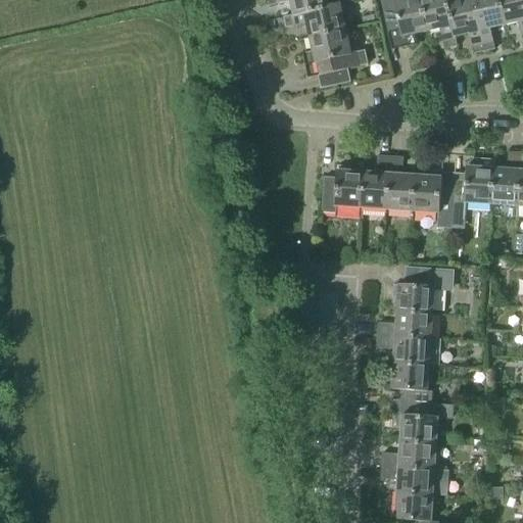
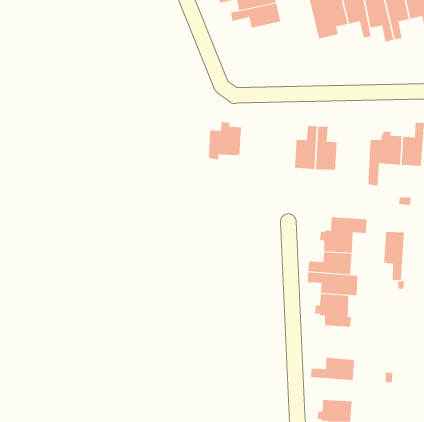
building: [303,27,369,87] -> none
building: [323,164,365,211] -> [208,122,242,160]
building: [414,171,456,227] -> none
building: none -> [384,231,405,281]
building: [397,400,455,442] -> none
building: [381,464,450,494] -> none

